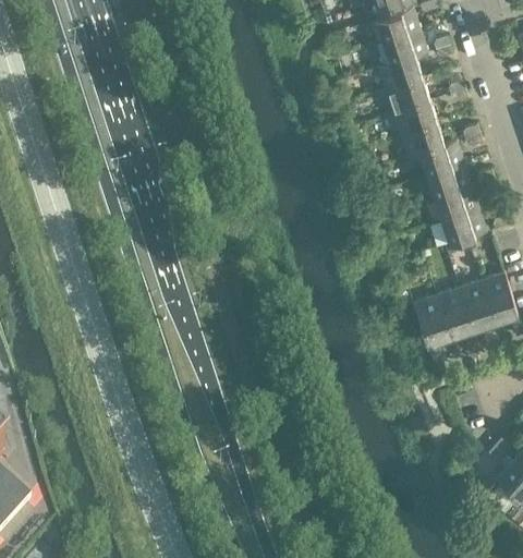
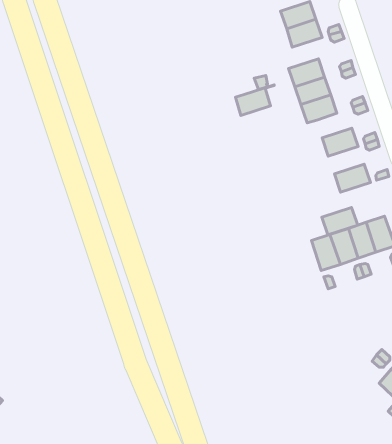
building: [376,51,424,89] -> [235,85,274,115]
building: [417,142,461,175] -> none
building: [431,186,476,220] -> [322,208,358,235]

